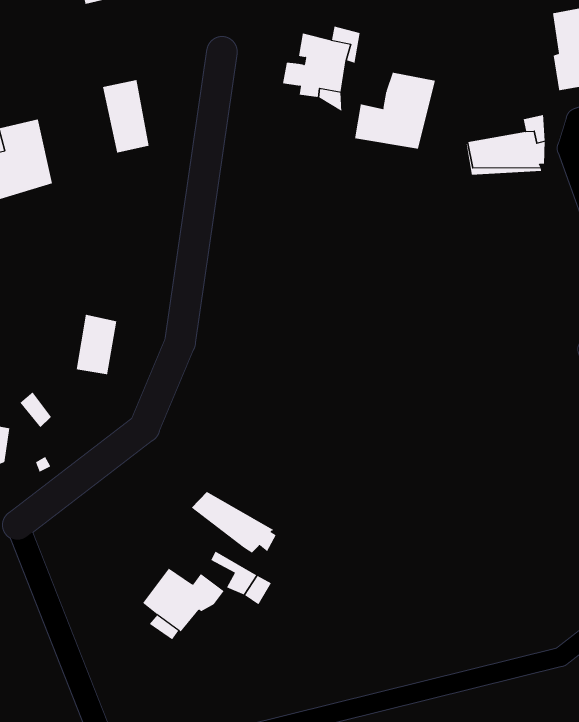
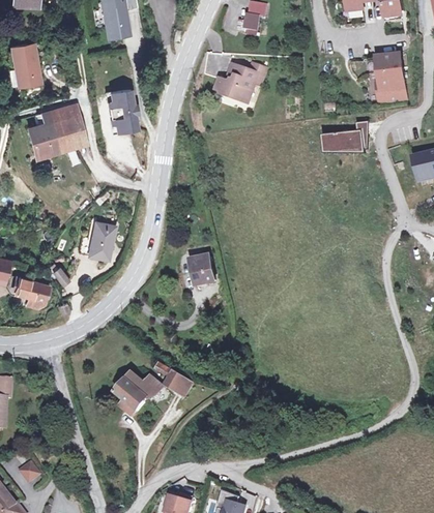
building: [355,72,436,149] -> none
building: none -> [190,258,213,284]
building: [191,491,276,554] -> none

